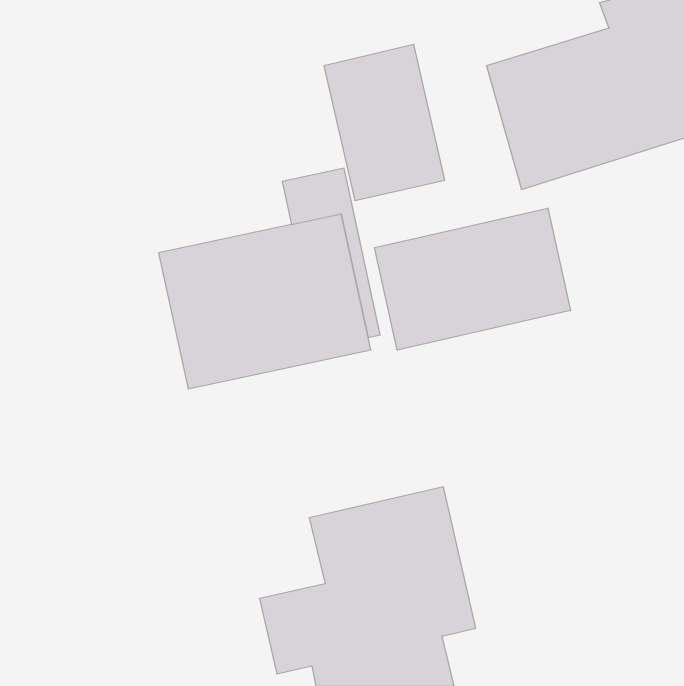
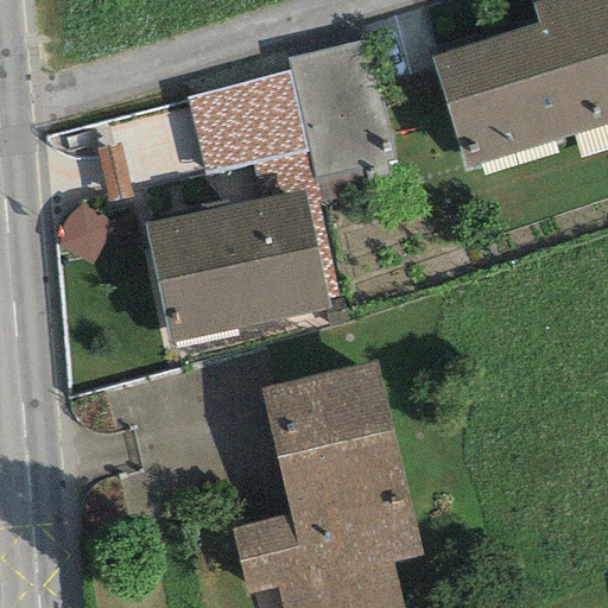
building: none -> [186,71,306,171]
building: [375,208,571,350] -> none
building: none -> [259,360,394,457]

